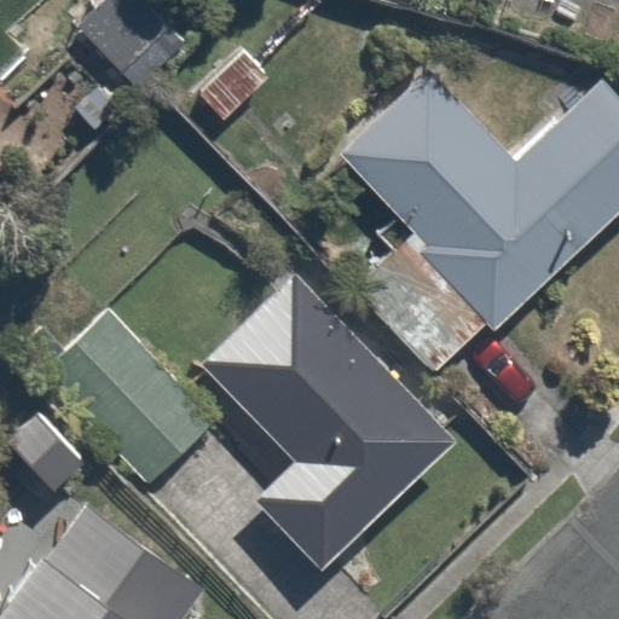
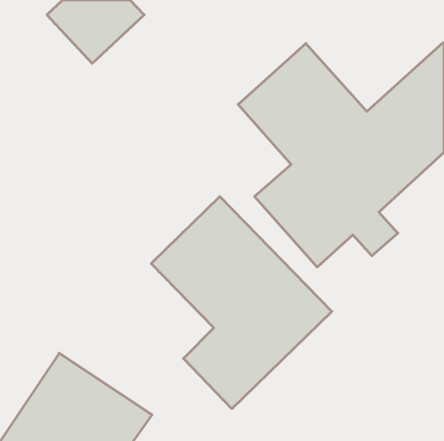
building: [35,299,218,486] -> none

